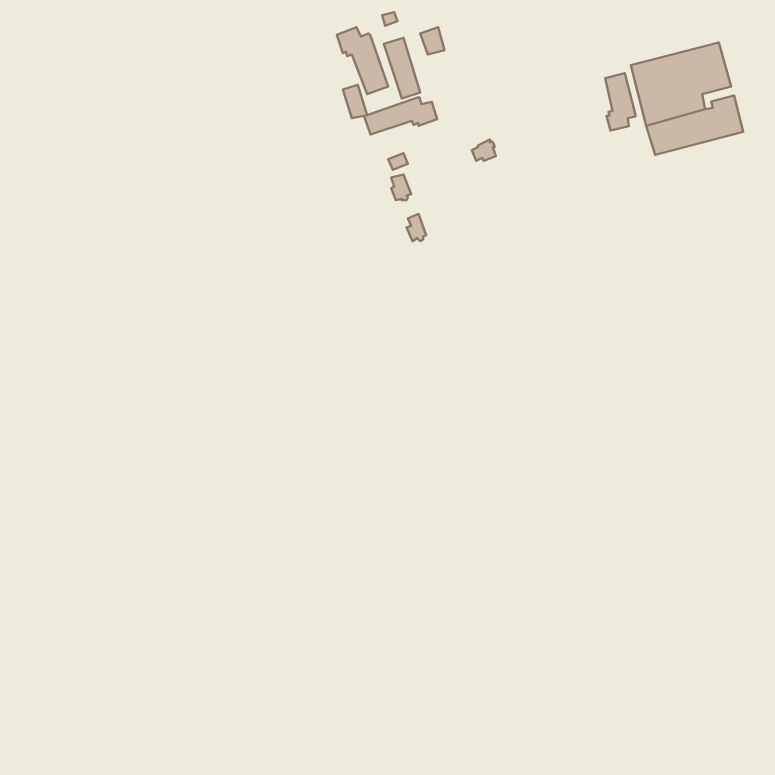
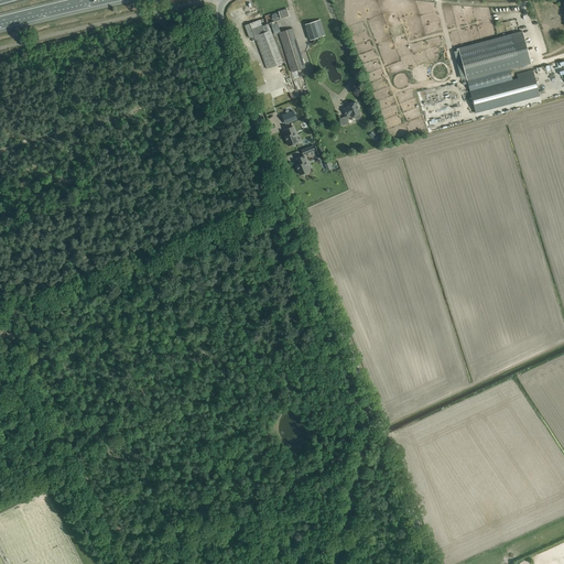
building: [605,73,635,130] -> none
building: [364,97,437,134] -> none

